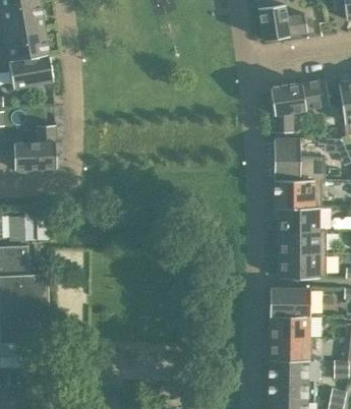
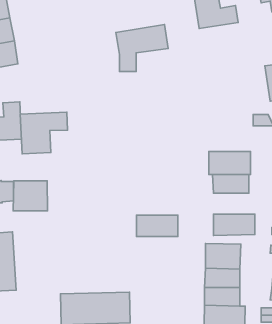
building: [269,79,329,133] -> [116,25,168,71]
building: none -> [20,112,68,154]
building: [273,139,324,182] -> none
building: none -> [13,181,48,211]
building: [278,230,326,254] -> [136,215,178,237]

